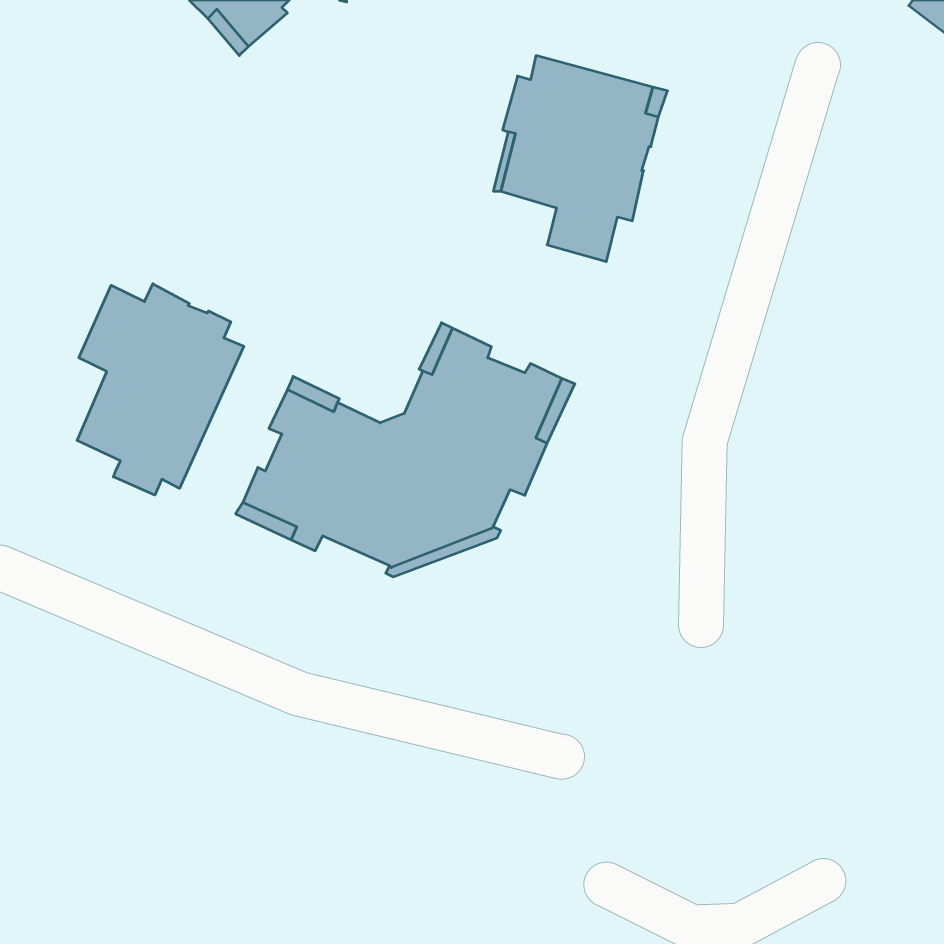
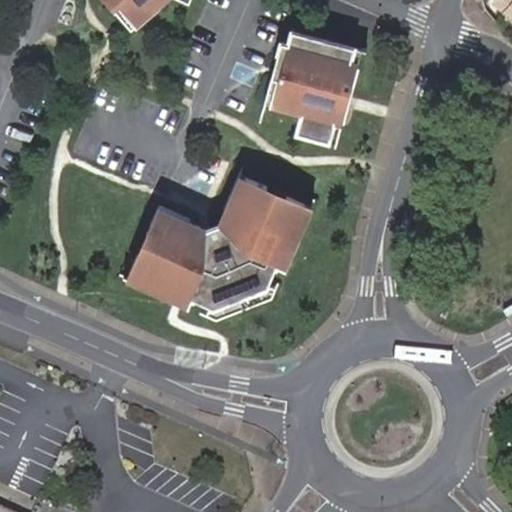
building: [77,284,244,495] -> none

